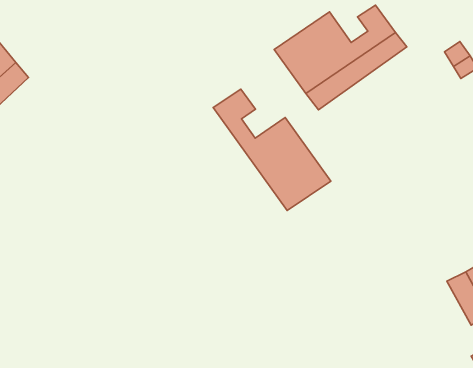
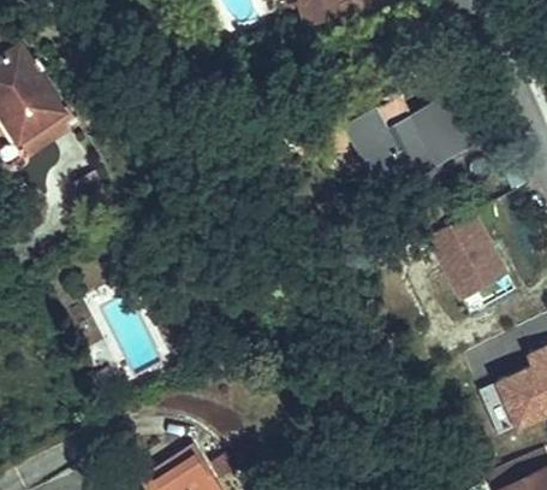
building: [213,89,331,210] -> none
building: none -> [428,207,507,295]

